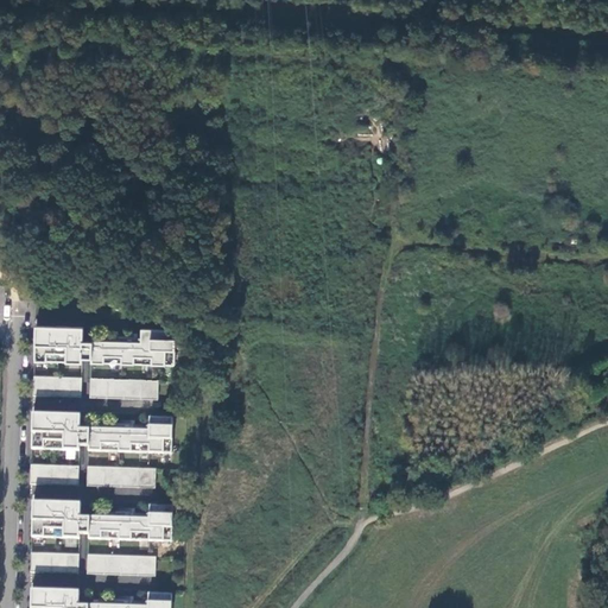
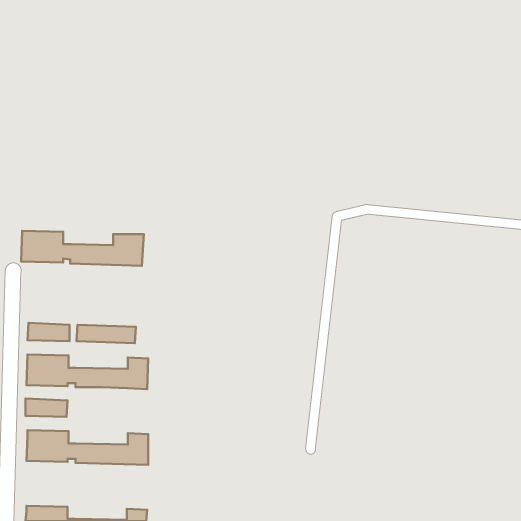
building: [33,324,176,365] -> [21,231,144,266]
building: [87,466,156,487] -> none
building: [30,552,78,572] -> none
building: [87,553,156,575] -> none

